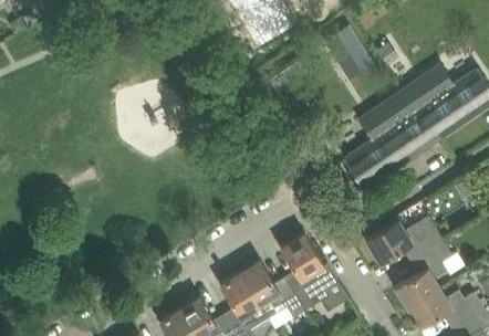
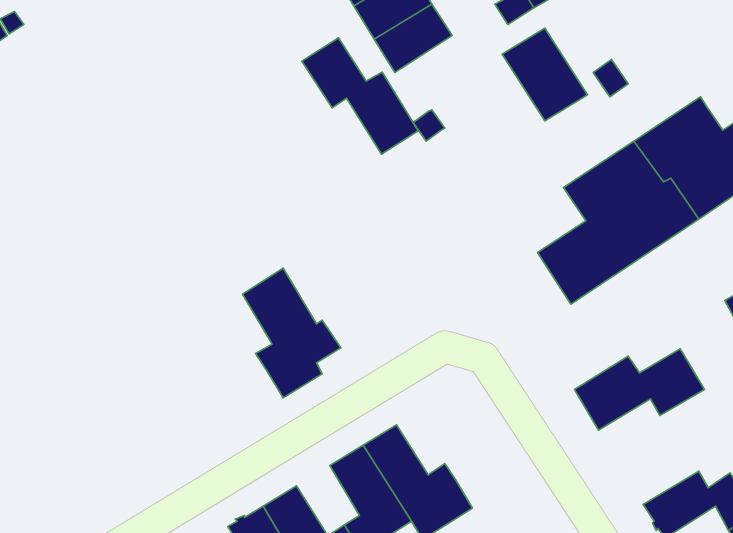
building: none -> [302,38,418,154]
building: [280,232,339,309] -> [242,268,341,398]
building: [394,239,452,307] -> none

